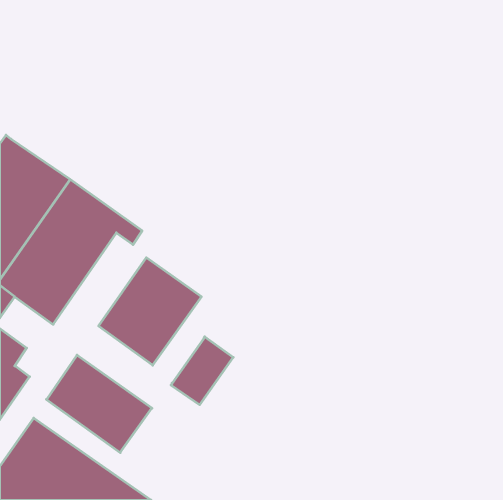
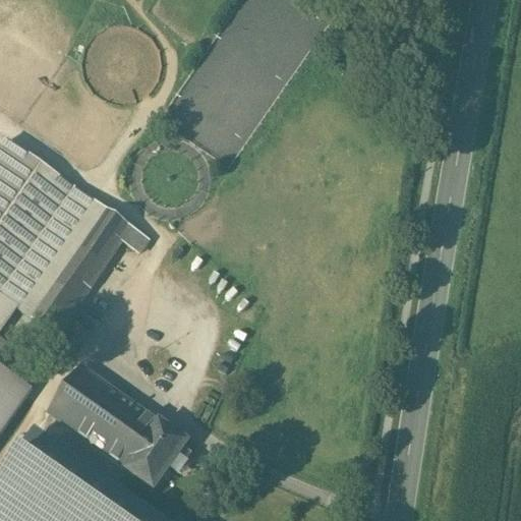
building: [99,258,201,365] -> none
building: [171,337,233,405] -> [123,419,187,489]

